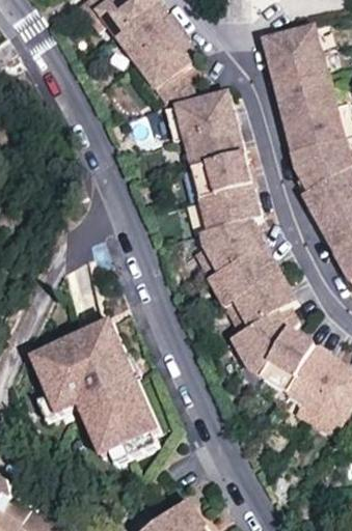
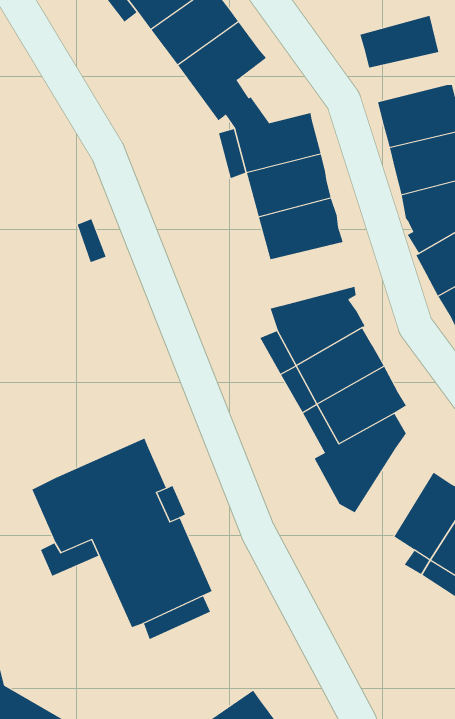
building: [268,49,324,84] -> none
building: [198,183,259,227] -> none
building: [259,328,314,390] -> none

